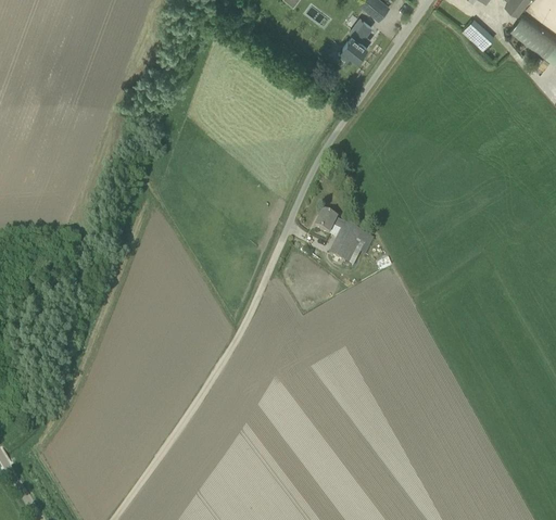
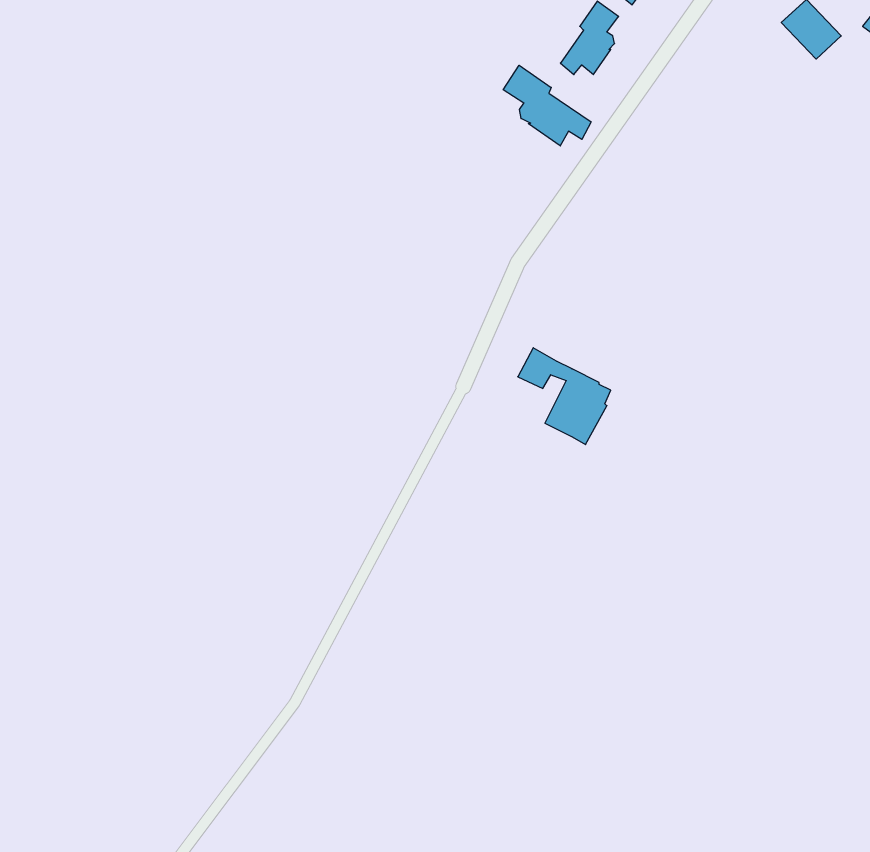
building: none -> [503,65,591,146]

